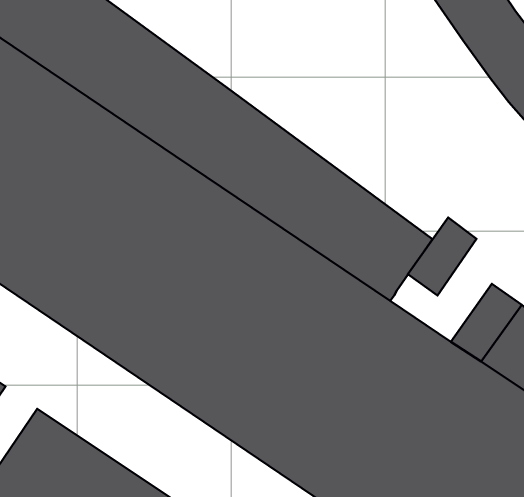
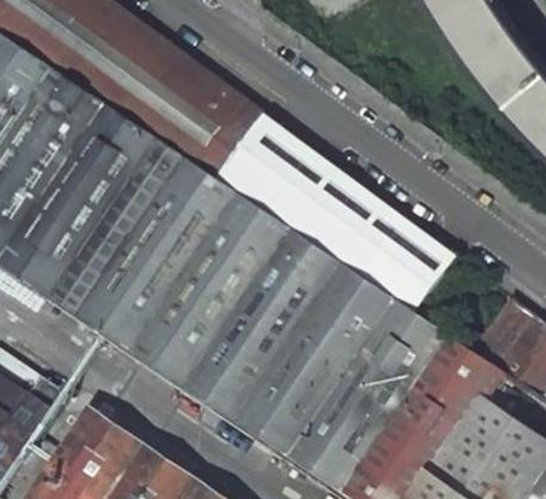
building: [408,217,477,295] -> none

